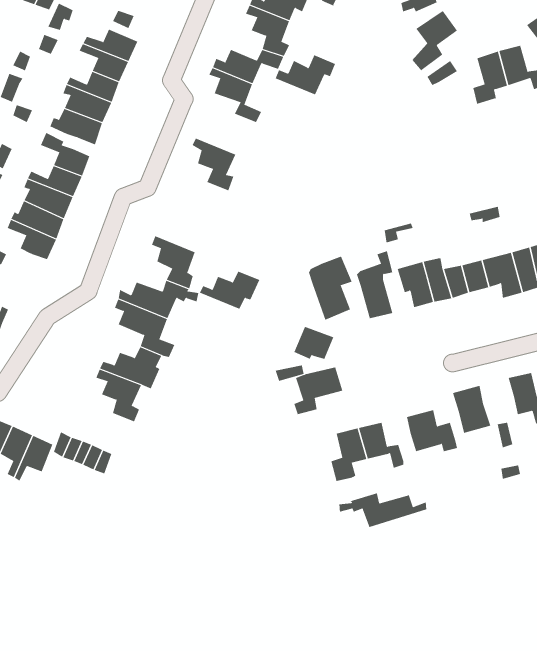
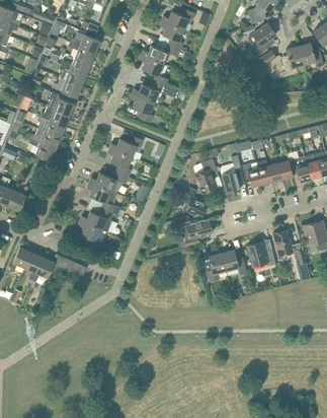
building: [275,55,336,95] -> [132,80,165,102]
building: [199,271,260,310] -> [109,135,143,156]
building: [339,493,427,528] -> none

